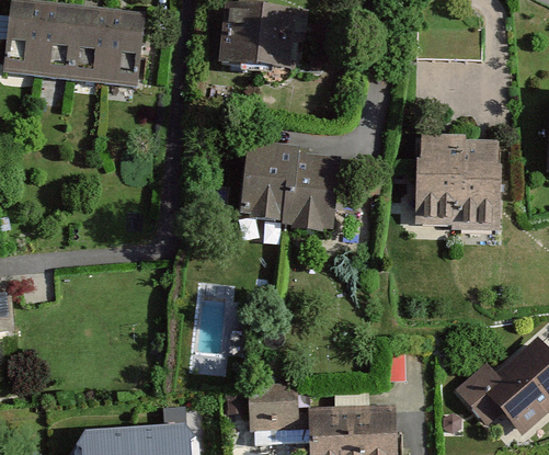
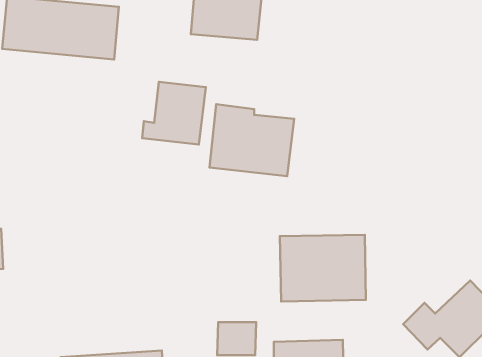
building: none -> [142,82,206,144]
building: [416,140,496,228] -> none
building: none -> [280,235,366,301]

